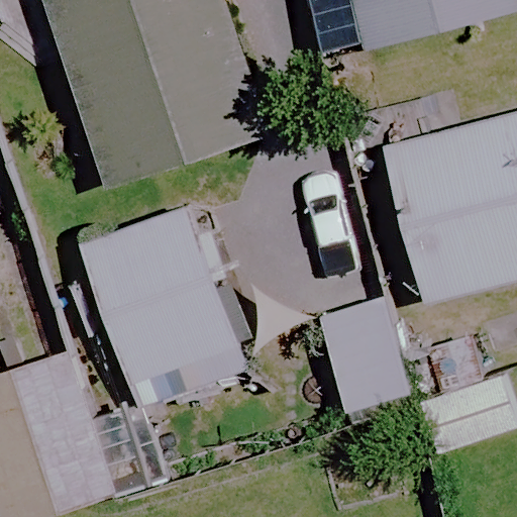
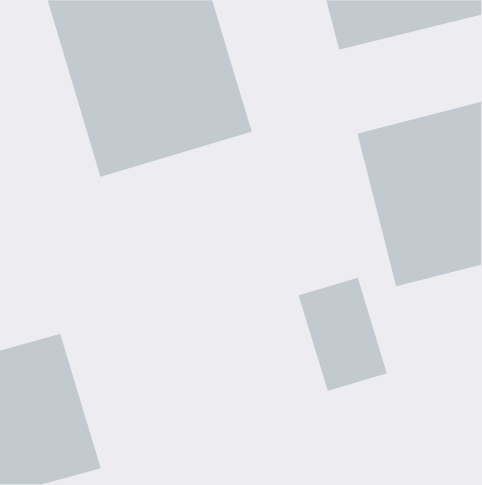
building: [78,205,246,408] -> none

